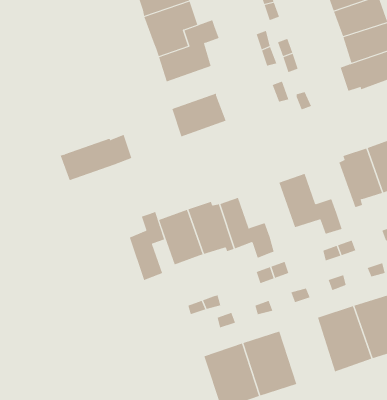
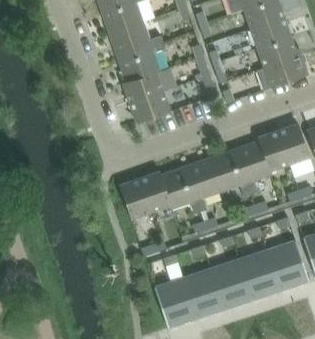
building: [60,134,132,181] -> [122,68,176,103]
building: none -> [229,143,266,181]
building: none -> [179,158,221,199]
building: [129,211,165,281] -> none
building: none -> [210,259,251,309]

